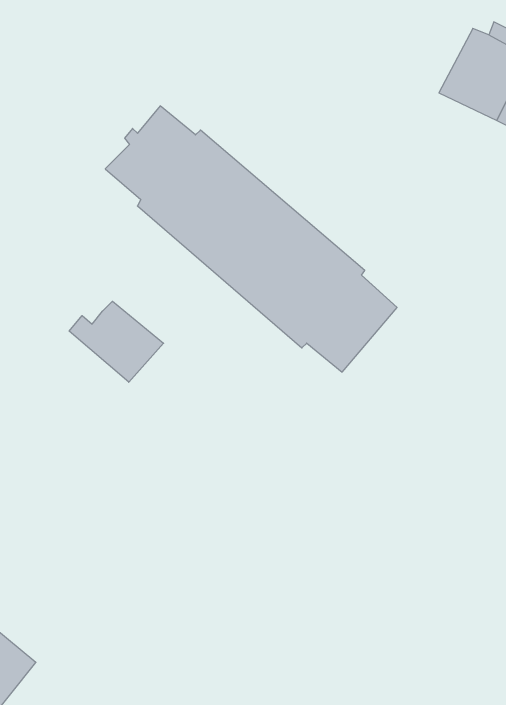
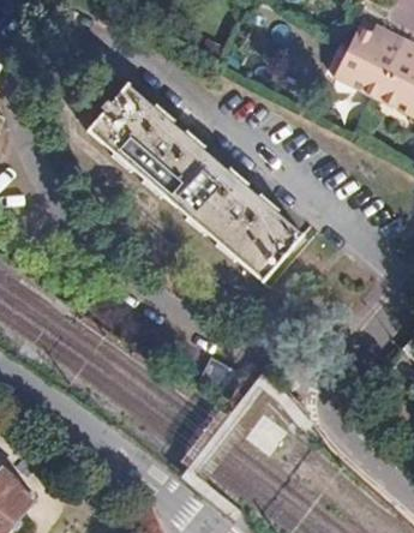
building: [69,301,164,382] -> none

